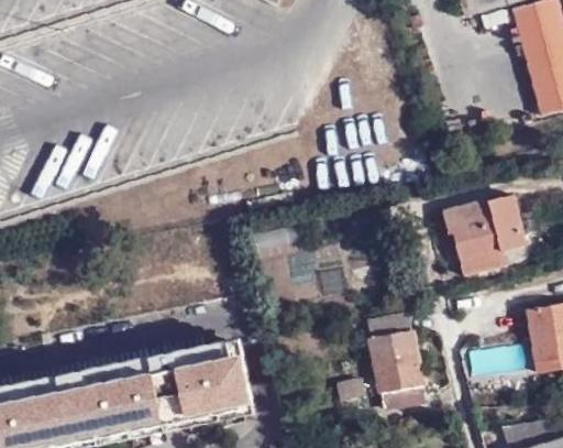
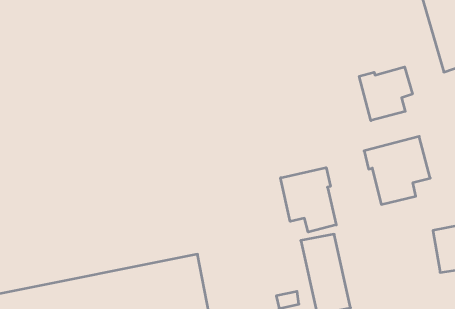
building: none -> [359,67,412,121]
building: none -> [281,168,336,232]

